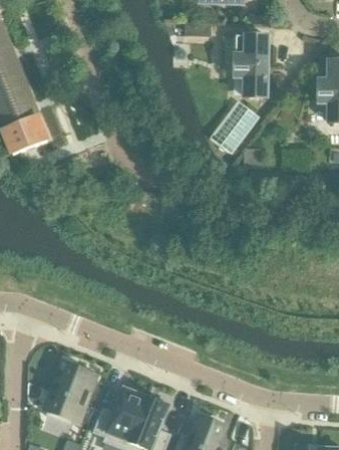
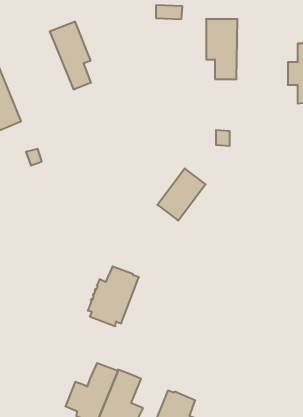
building: none -> [50,21,91,90]
building: [210,99,259,153] -> [157,168,206,221]
building: [44,364,96,425] -> [88,266,139,326]

